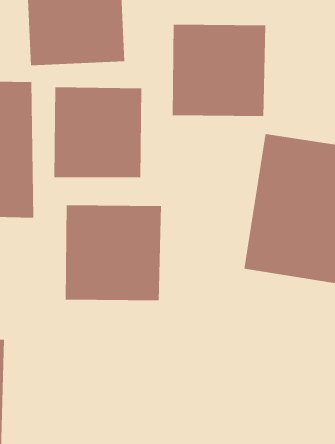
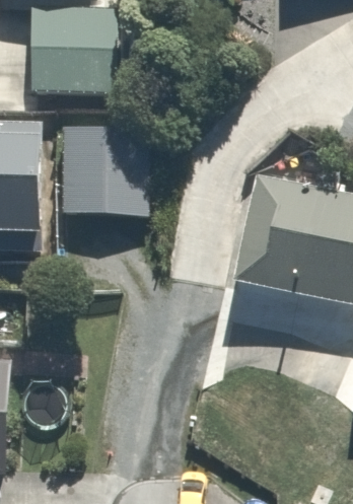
building: [172,24,266,117] -> none
building: [65,204,161,301] -> none

